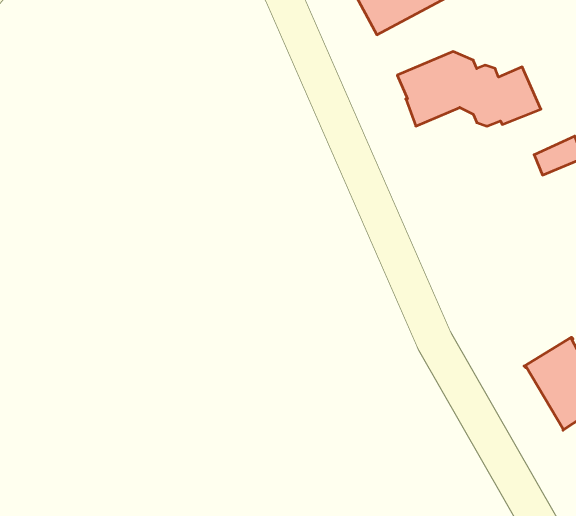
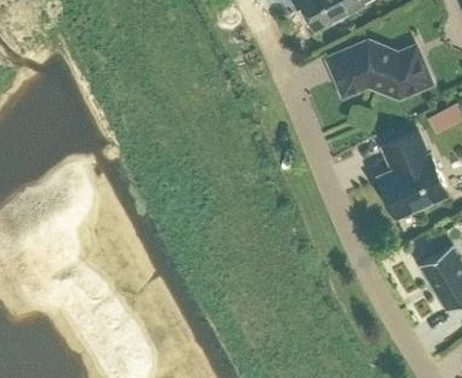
building: none -> [378,131,449,217]

